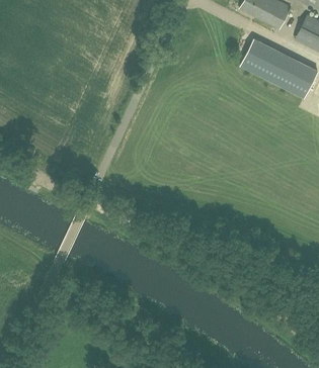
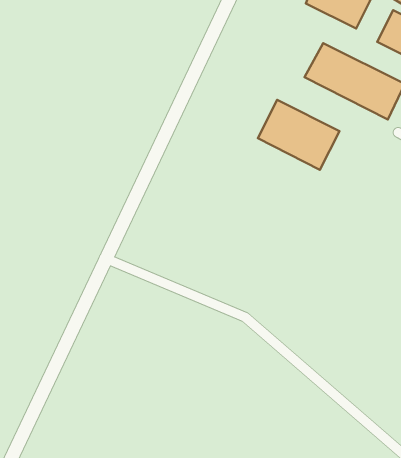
building: none -> [258,100,339,170]

